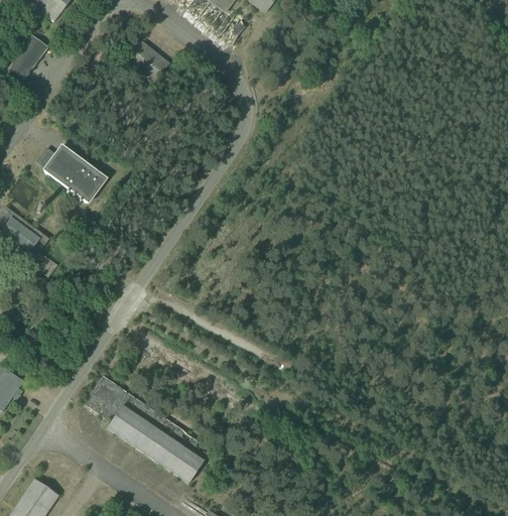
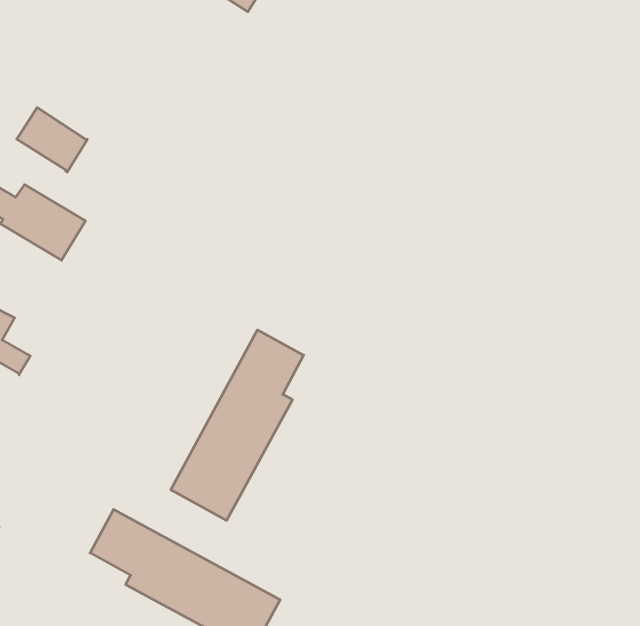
building: [122,36,170,83] -> [17,108,87,172]
building: none -> [171,330,304,520]

